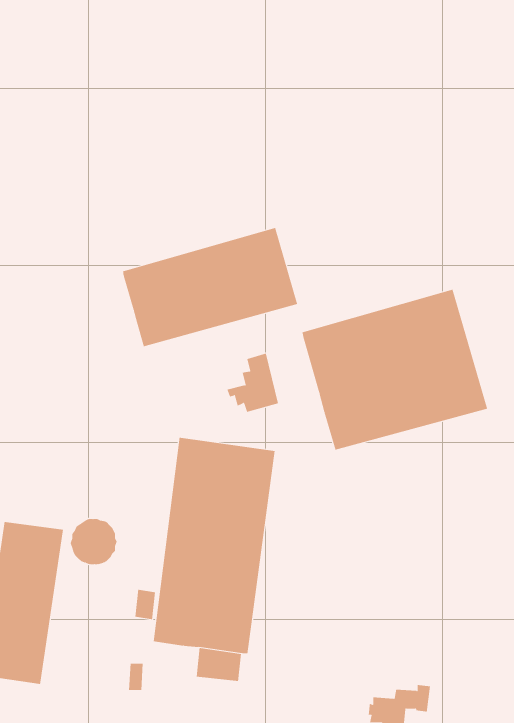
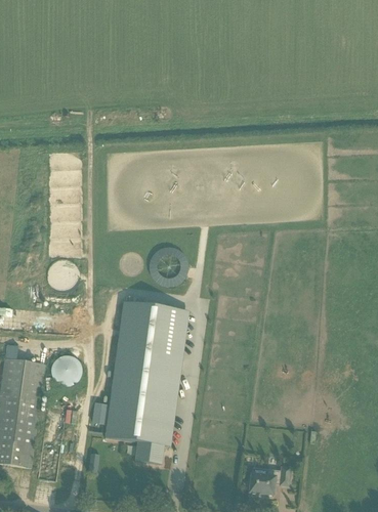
building: [123,227,298,347] -> none
building: [302,289,488,450] -> none

